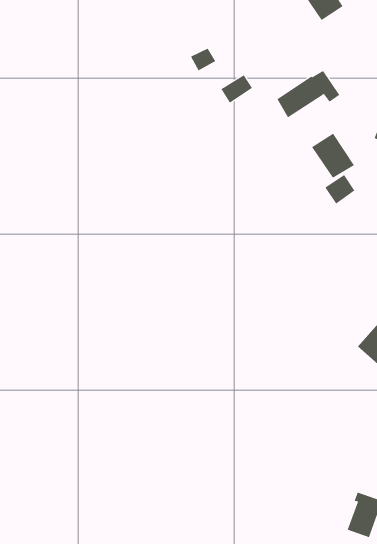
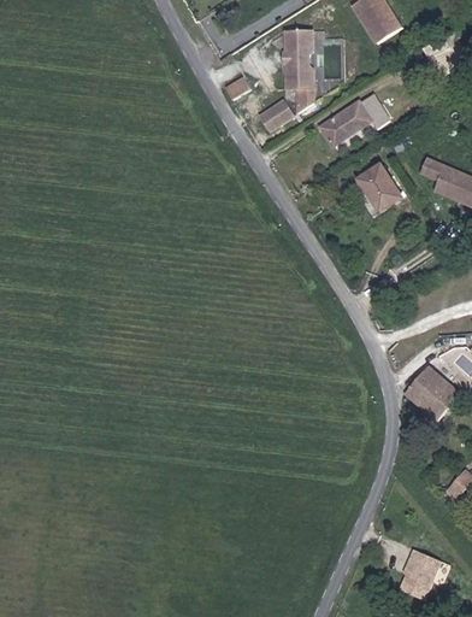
building: none -> [282,31,313,111]
building: [324,174,355,204] -> none

